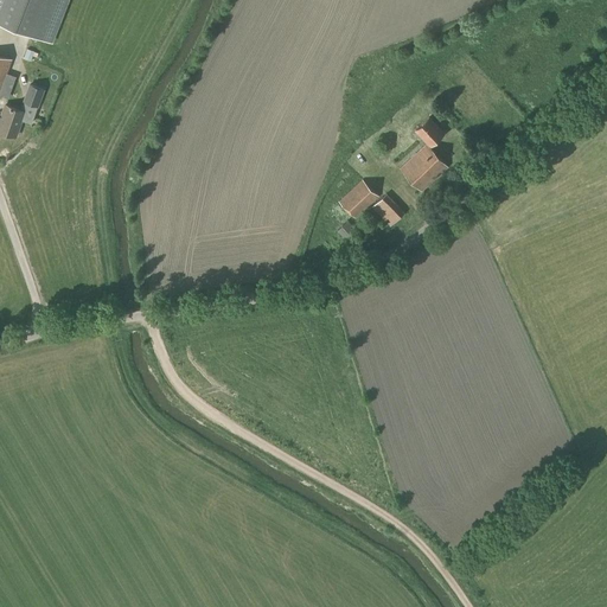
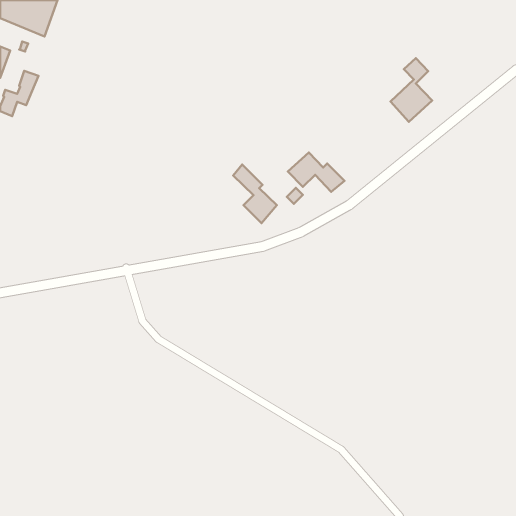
building: [400,117,448,192] -> [391,58,432,122]
building: none -> [233,164,277,223]

